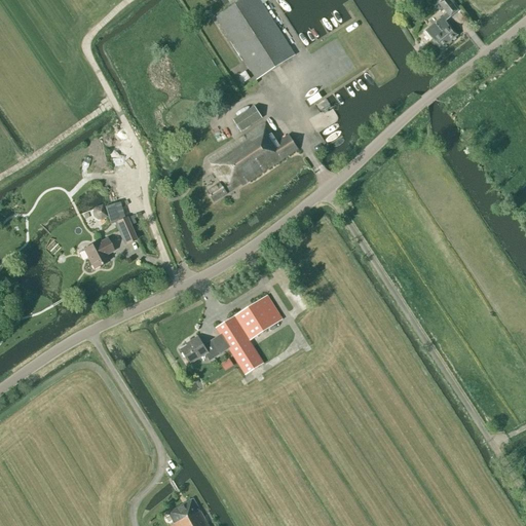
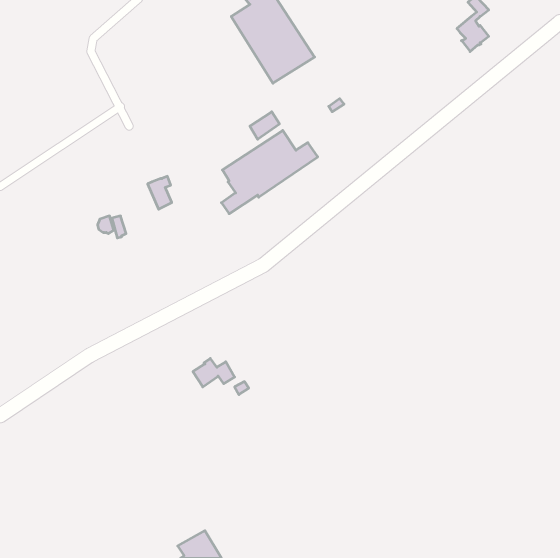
building: [114,214,137,245] -> [148,176,172,209]
building: [84,237,113,267] -> none
building: [213,294,283,373] -> none

